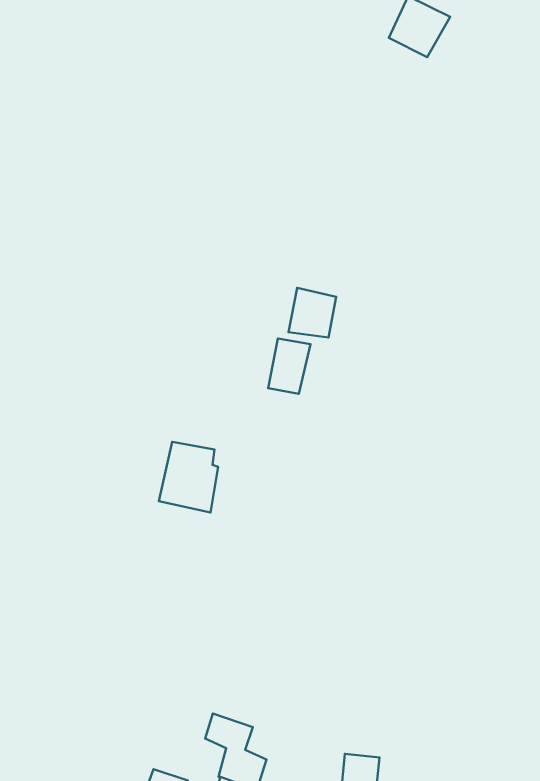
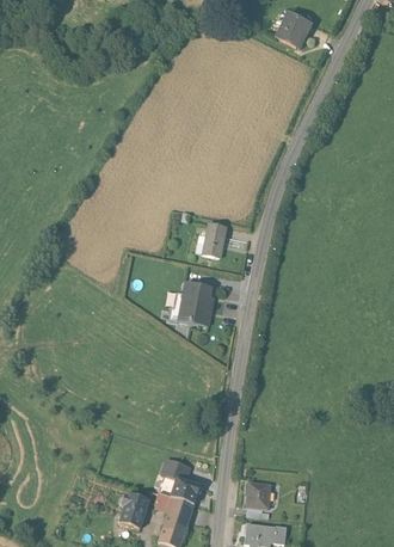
building: [289,288,336,337] -> none
building: [159,442,218,513] -> [177,282,214,326]

